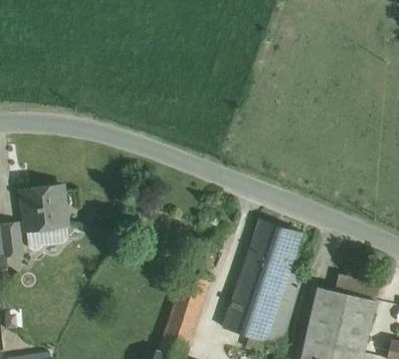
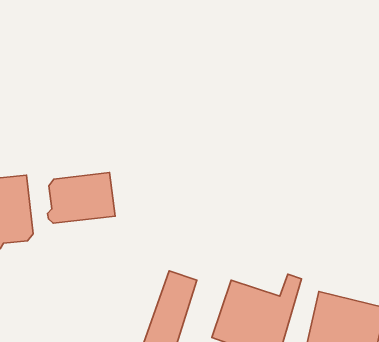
building: none -> [47,173,115,223]
building: [240,220,302,291] -> none

